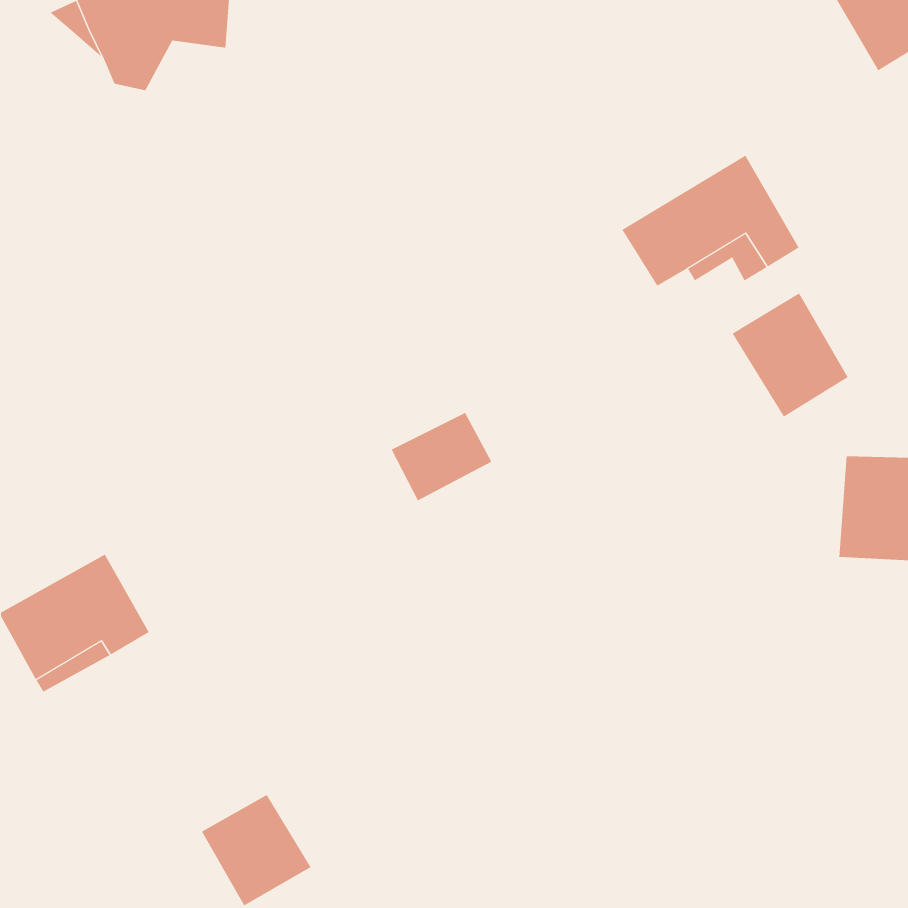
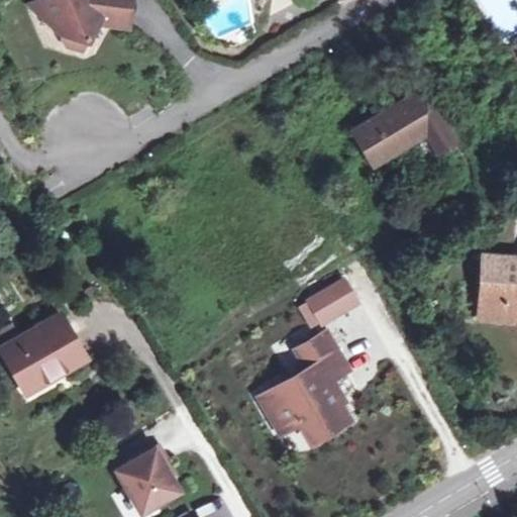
building: [732,292,848,418] -> none
building: [391,412,492,501] -> [305,276,363,326]
building: none -> [263,332,349,438]

